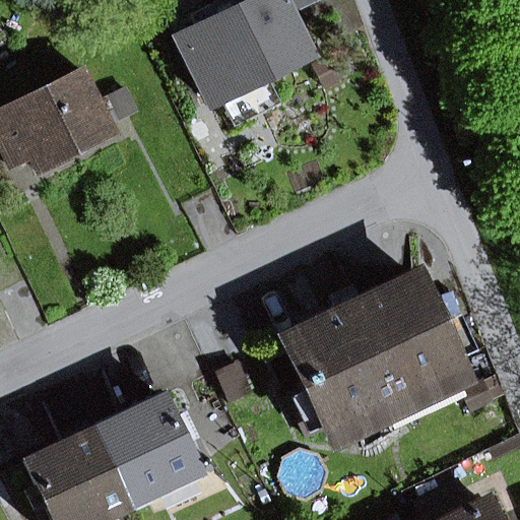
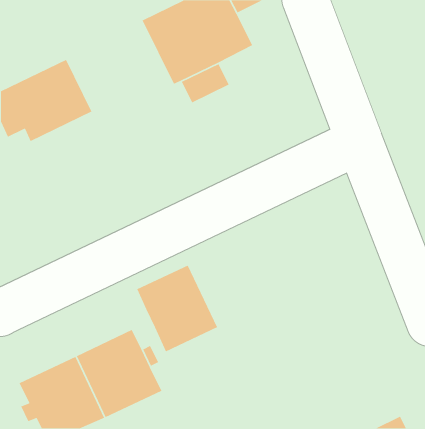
building: [287,275,465,436] -> none
building: none -> [136,264,218,352]

